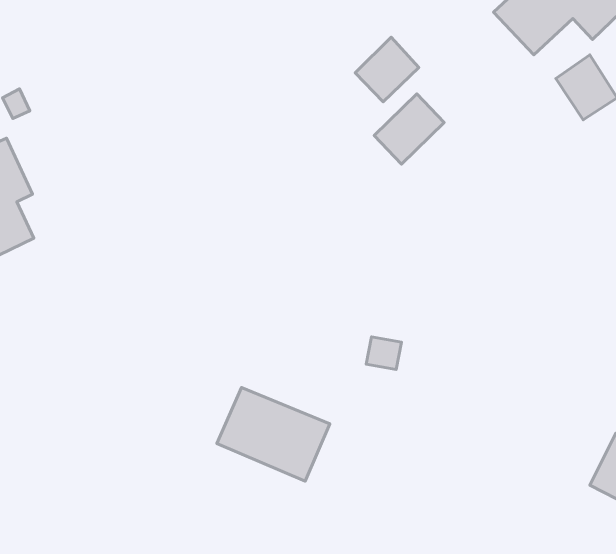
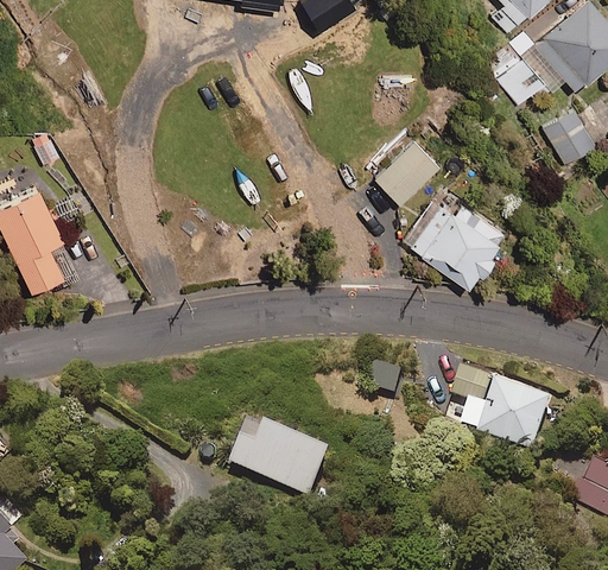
building: [355,37,419,102] -> none
building: none -> [408,205,502,287]
building: none -> [451,367,550,448]

